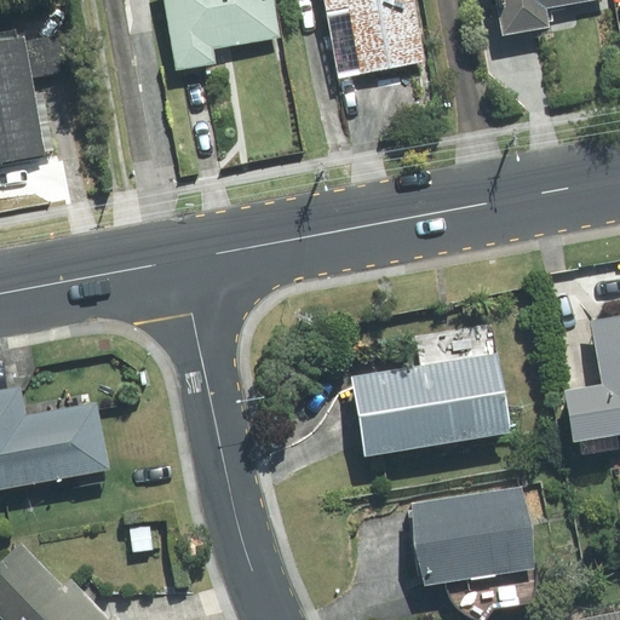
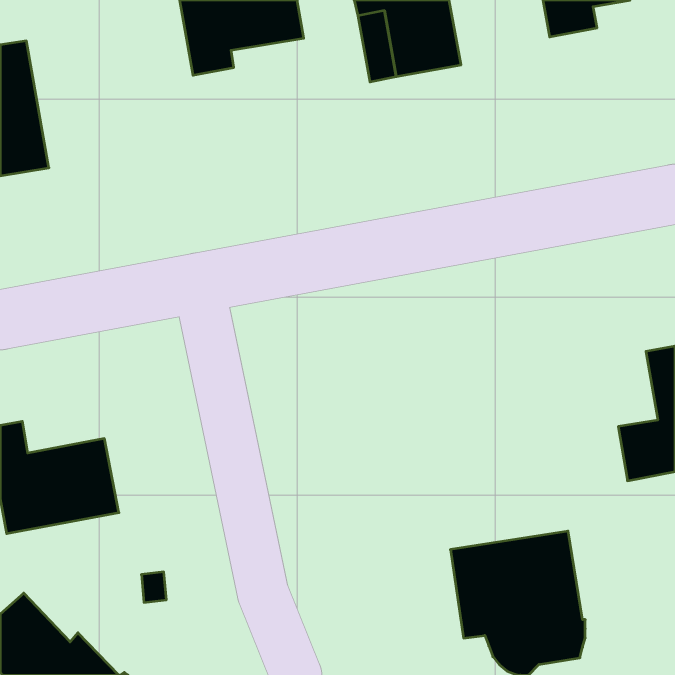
building: [352,325,510,455] -> none

